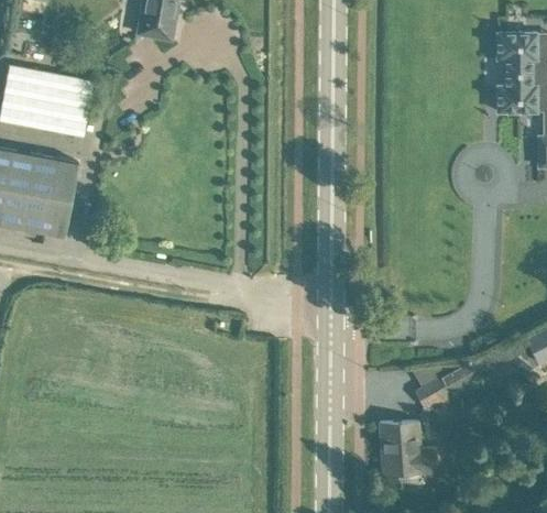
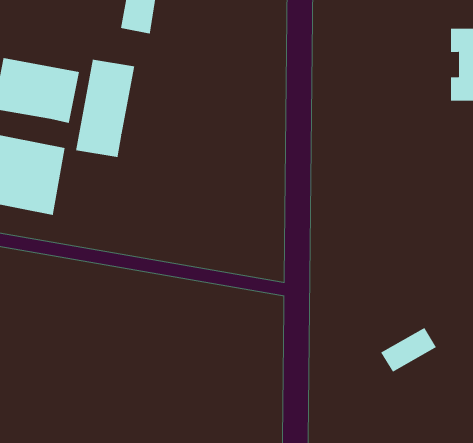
building: none -> [76,59,135,158]
building: [380,419,437,476] -> none

